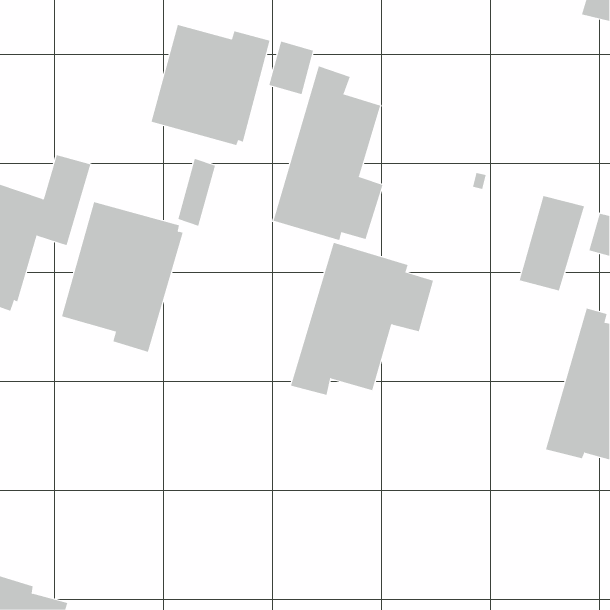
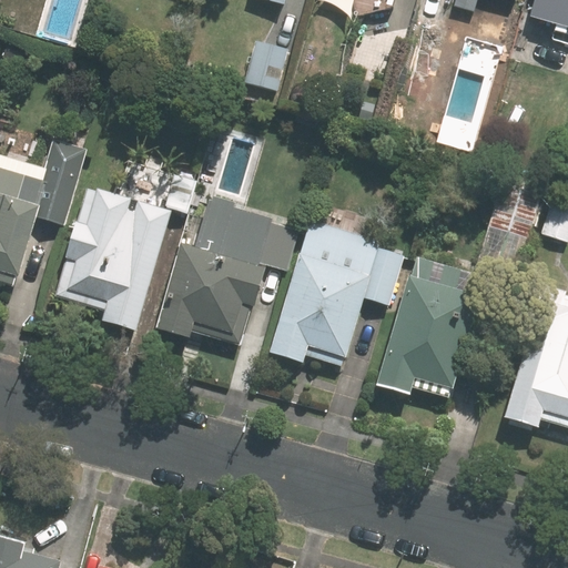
building: [151,24,270,146] -> none
building: [273,65,383,241] -> none
building: none -> [156,203,271,342]
building: none -> [376,254,485,395]

